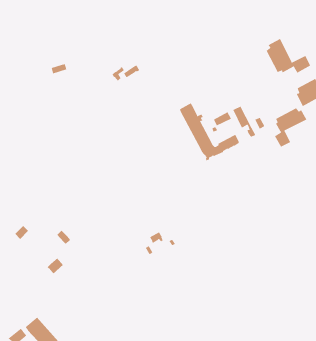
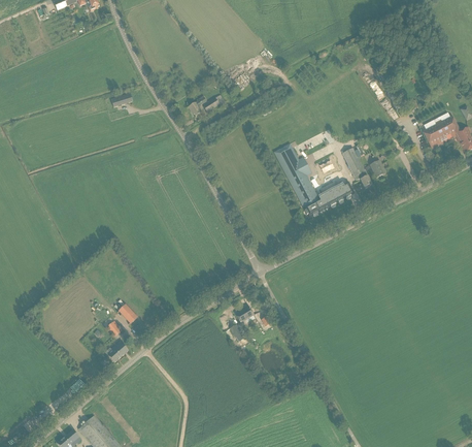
building: [266,38,311,73] -> none
building: [274,108,307,147] -> none

